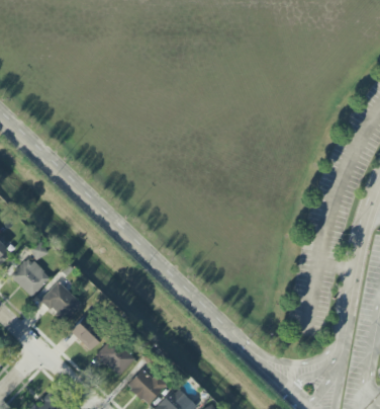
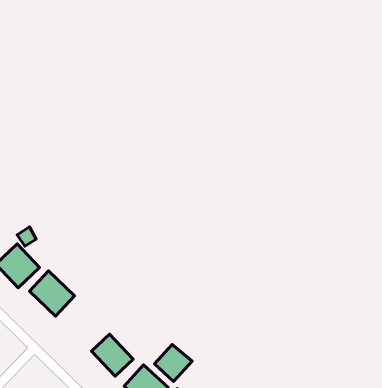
building: [69,317,102,350] -> none
building: none -> [155,345,192,382]

